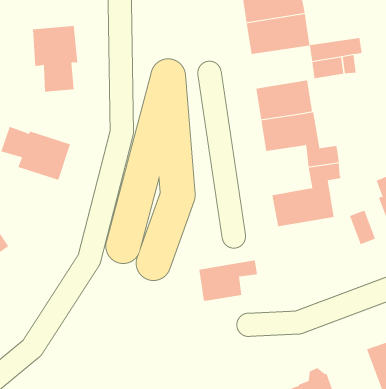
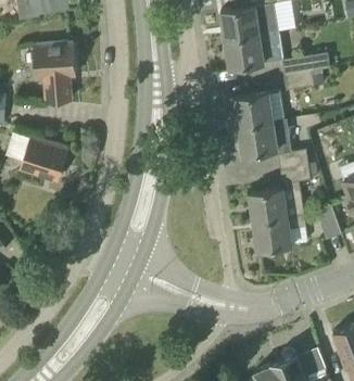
building: [198,260,258,301] -> [253,215,306,252]

